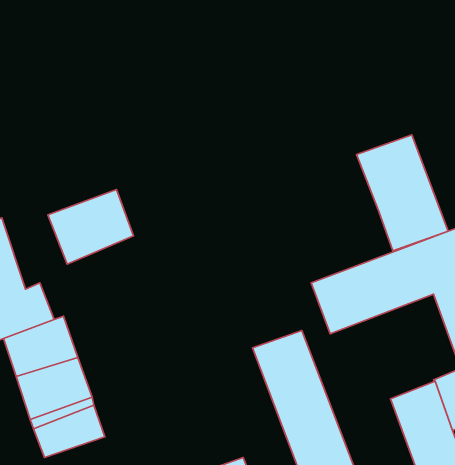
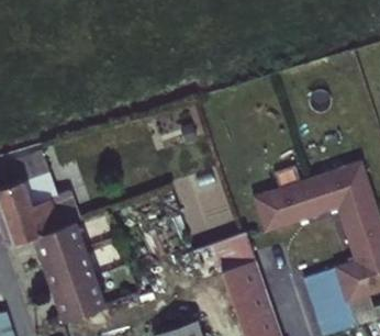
building: [357,135,448,251] -> none
building: [48,189,134,264] -> none

